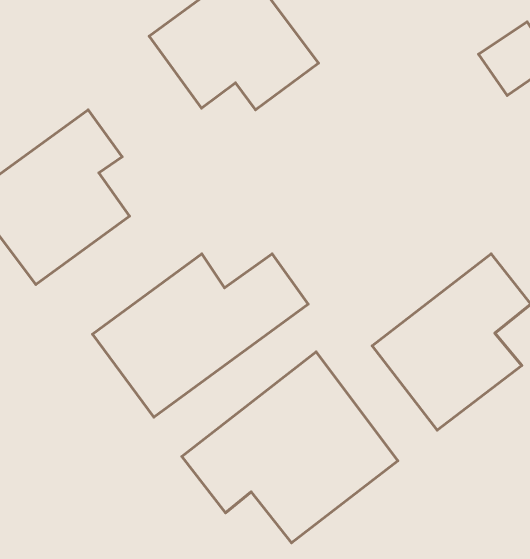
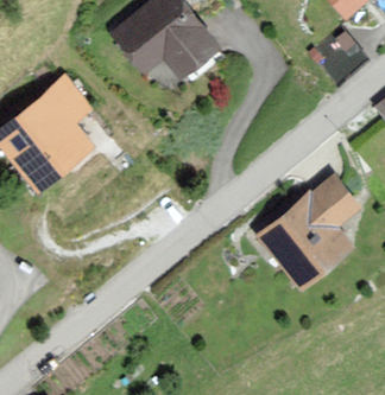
building: [92,254,308,417] -> none
building: [182,352,398,543] -> none

